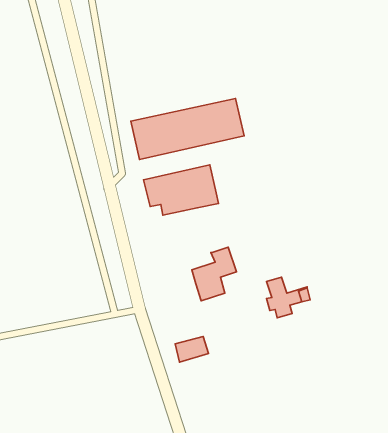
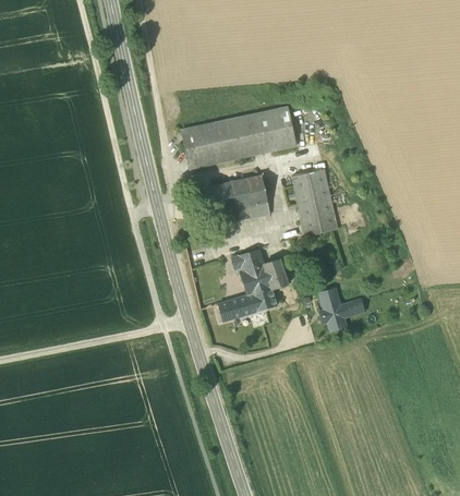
building: none -> [292,168,338,235]
building: none -> [232,247,267,280]
building: [175,336,208,362] -> [219,294,253,320]

